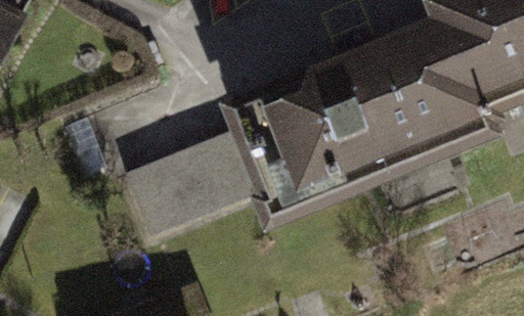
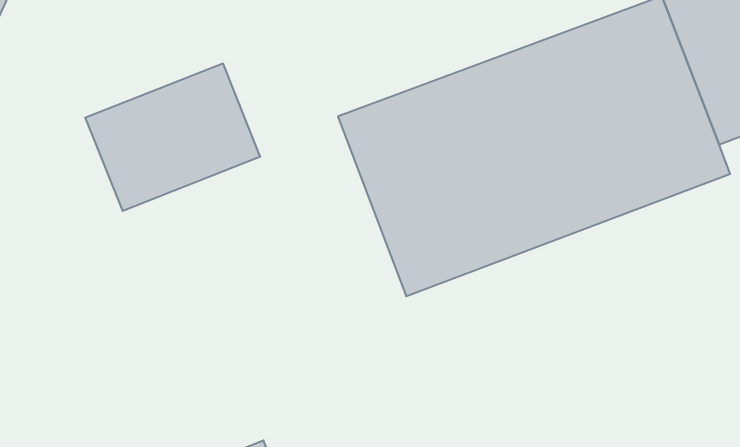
building: [134,135,250,232] -> [85,64,260,211]

